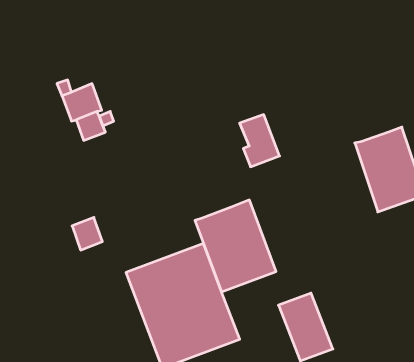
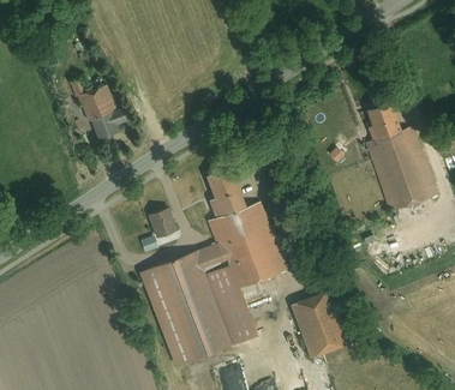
building: none -> [367,102,401,143]
building: [240,115,280,167] -> [205,167,245,218]
building: [72,217,102,250] -> [148,206,178,239]

